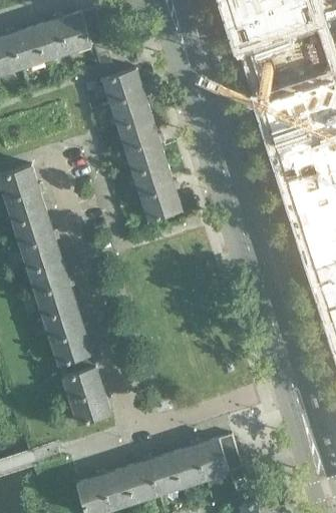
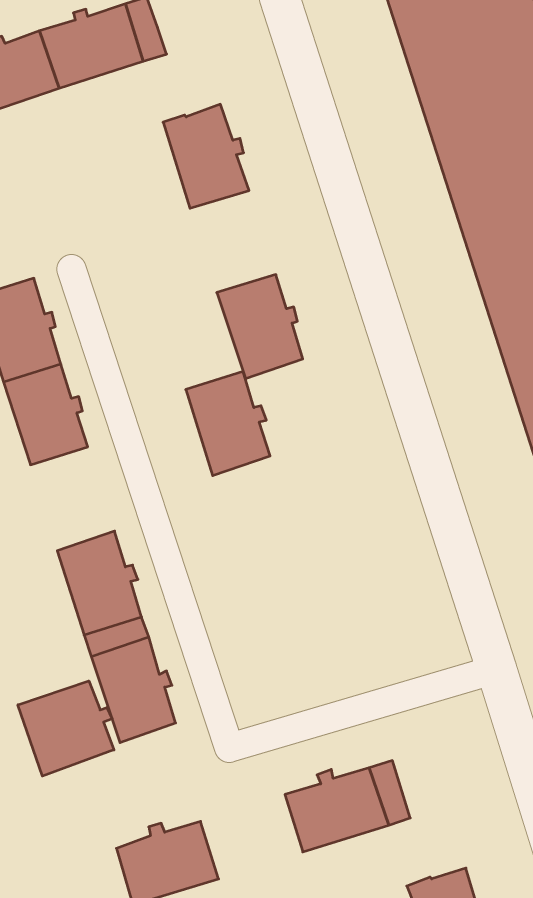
building: [117,116,165,173] -> none
building: [28,260,75,318] -> [186,372,270,476]
building: none -> [18,681,114,776]
building: [123,454,181,501] -> none

